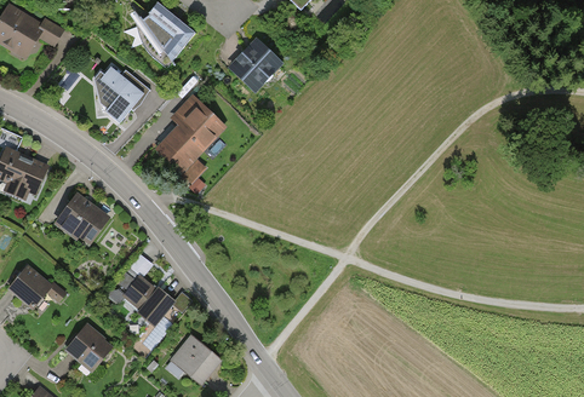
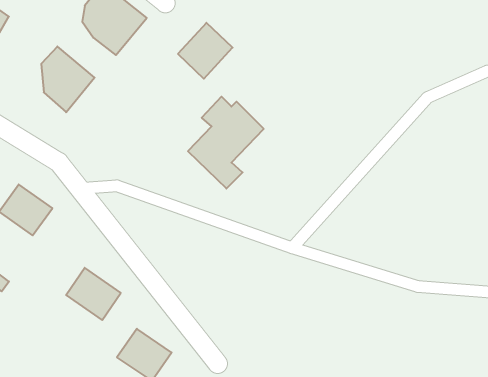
building: [154,96,228,185] -> [188,97,264,189]
building: [63,327,110,375] -> none

